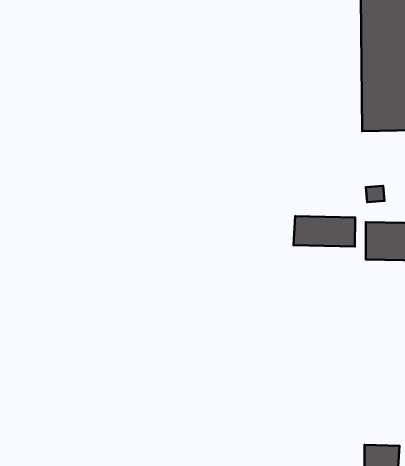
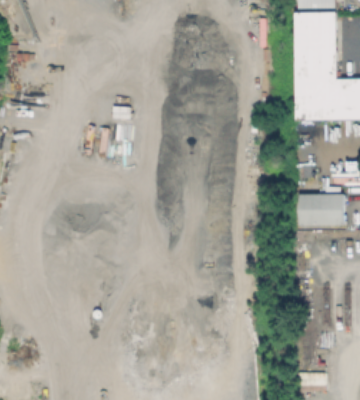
building: [294,216,355,247] -> none

